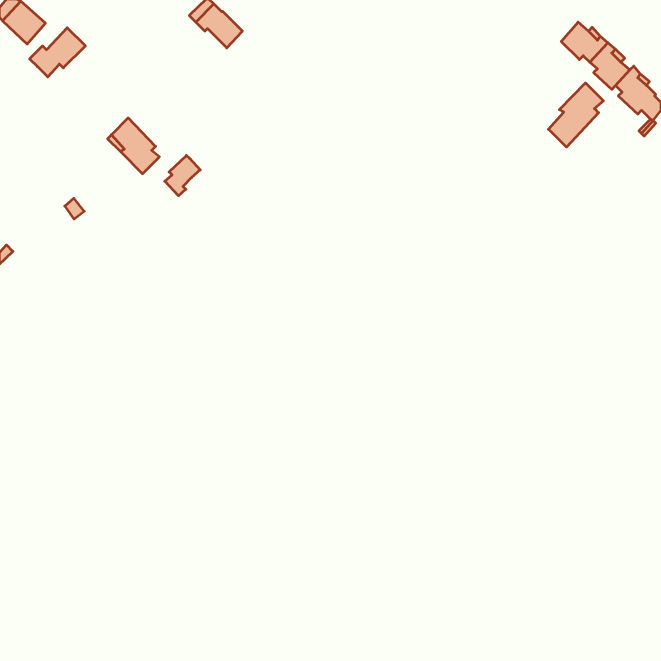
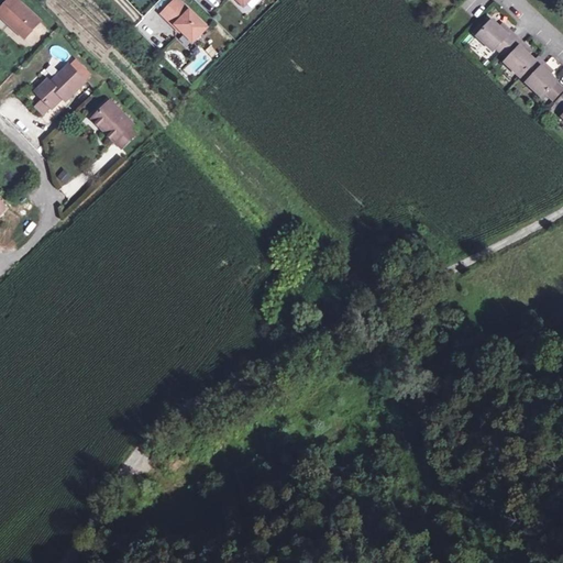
building: [30,28,85,77] -> [36,65,84,107]
building: [548,83,603,147] -> none
building: [165,155,200,196] -> none

